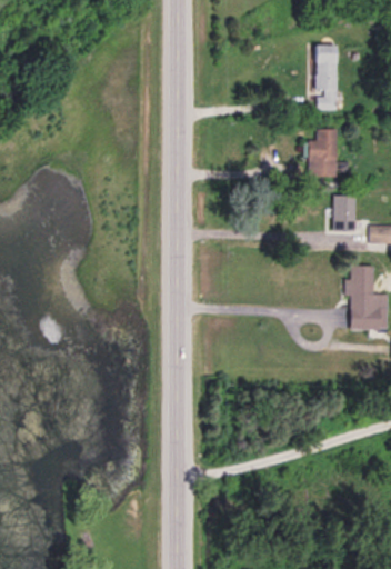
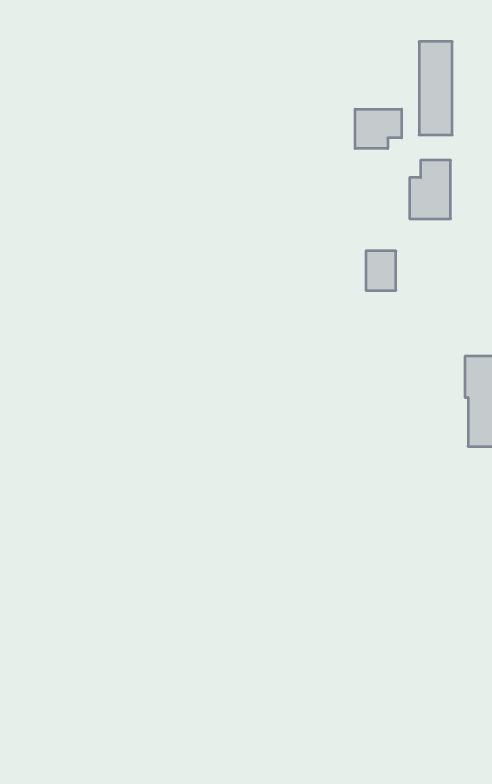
building: none -> [355,109,402,149]
building: [333,202,354,230] -> [366,251,396,290]

